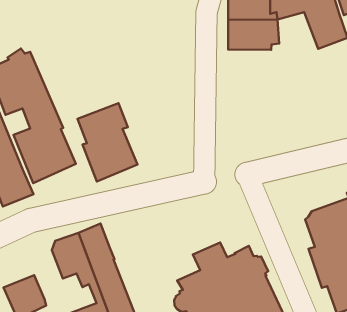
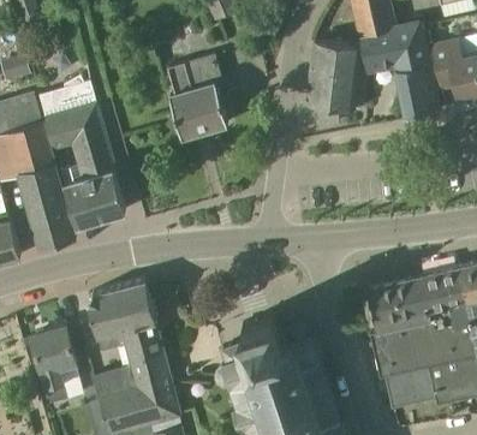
building: [77,103,138,181] -> [168,54,228,137]

